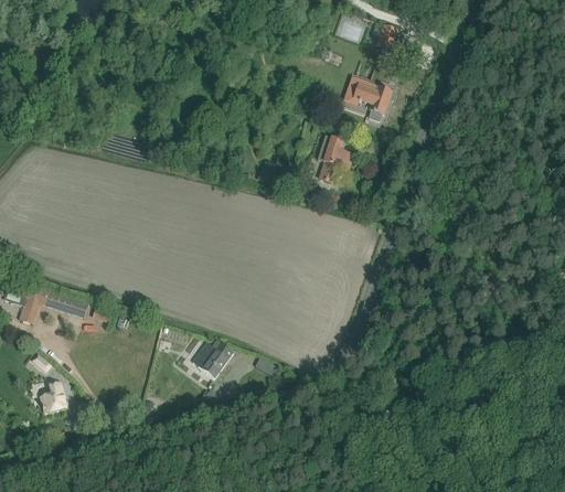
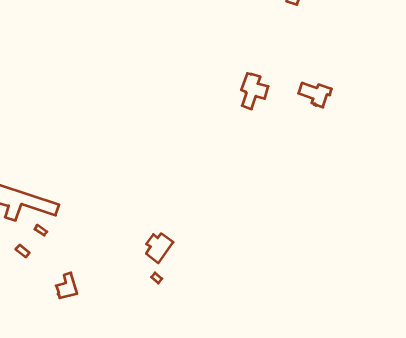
building: [352,84,394,115] -> [298,83,332,107]
building: [40,381,66,413] -> [56,273,77,298]

